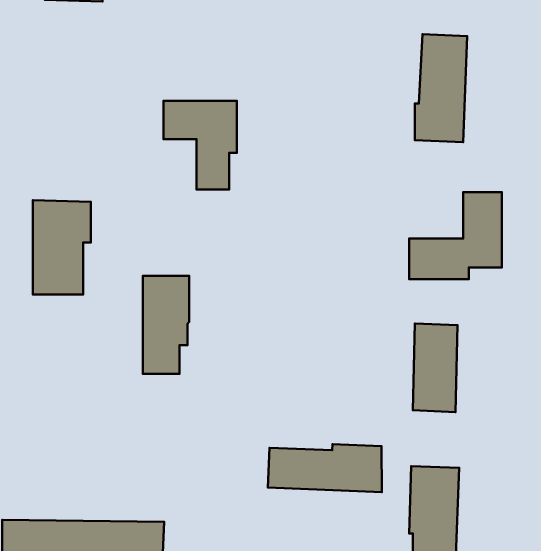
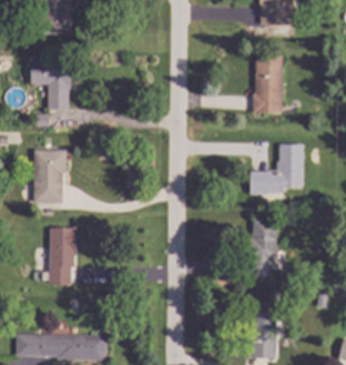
building: [164,101,237,189] -> [31,61,73,112]
building: [143,276,189,374] -> [50,227,77,284]
building: [268,444,382,492] -> none

